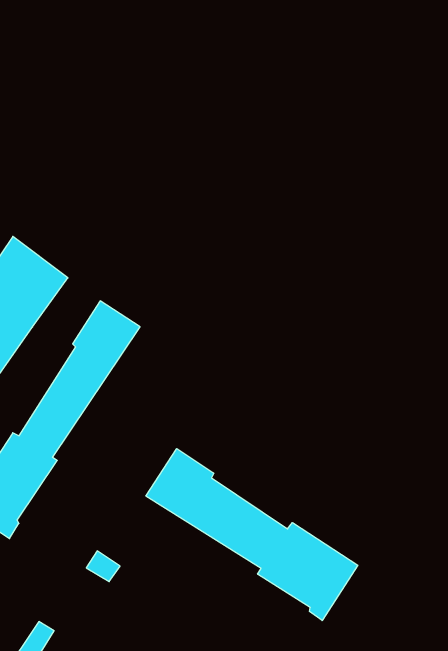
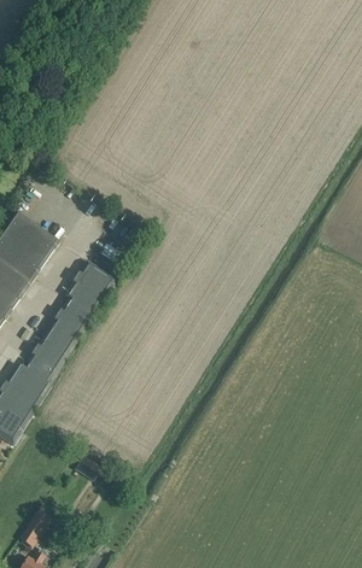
building: [146,449,358,621] -> none

